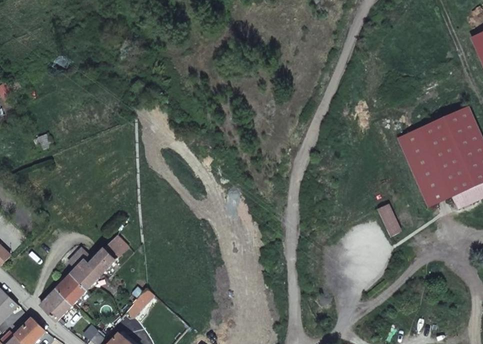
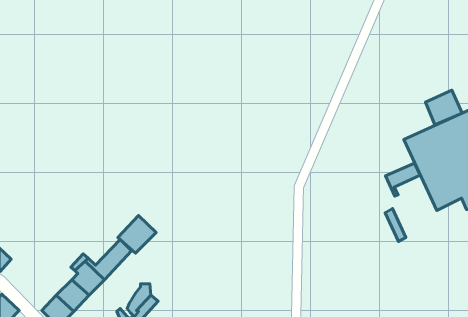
building: none -> [425,90,462,125]
building: none -> [386,163,420,196]
building: none -> [118,216,156,253]

